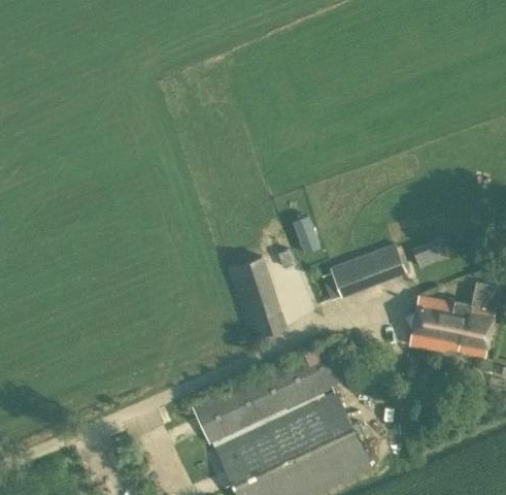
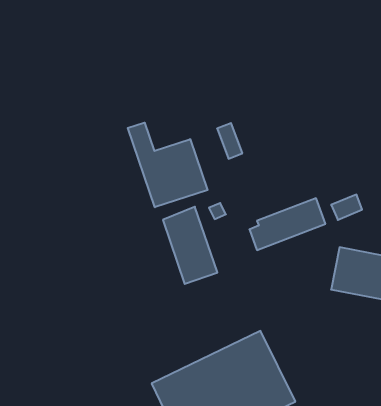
building: none -> [128,123,208,207]
building: [292,213,319,253] -> [217,123,242,159]
building: [192,344,343,444] -> none

